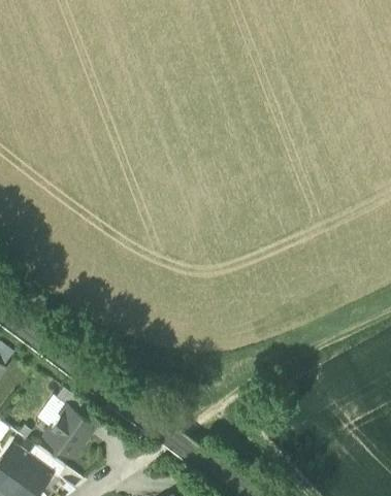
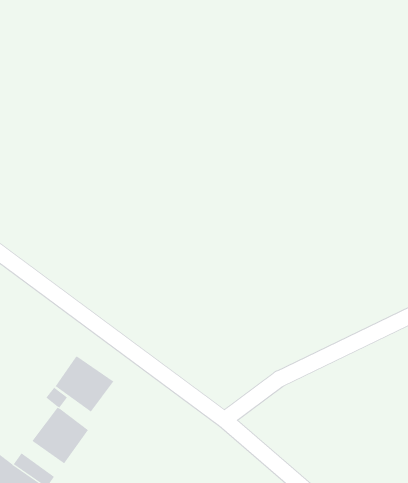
building: none -> [55,355,114,413]

